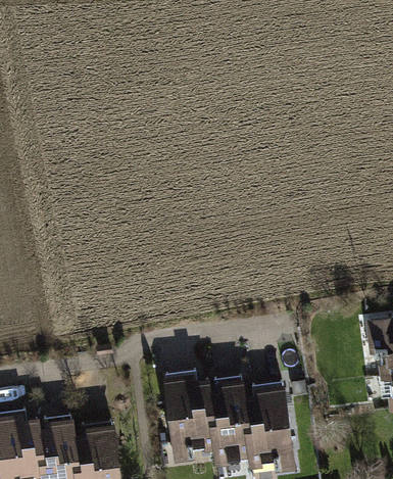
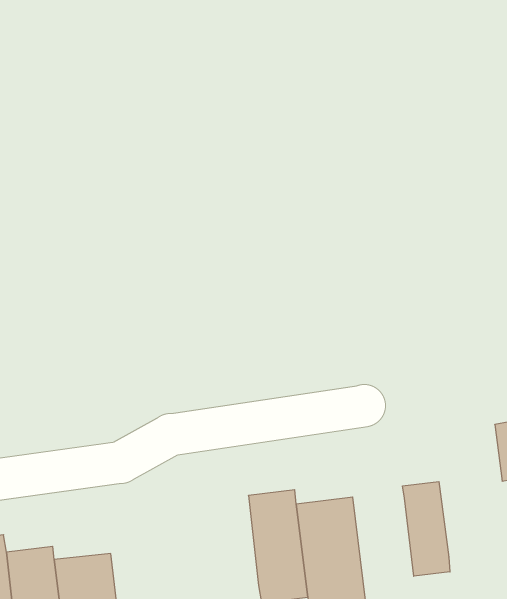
building: [164,371,213,450] -> none
building: none -> [403,482,450,576]

